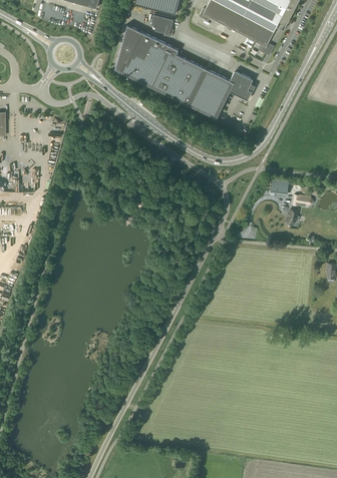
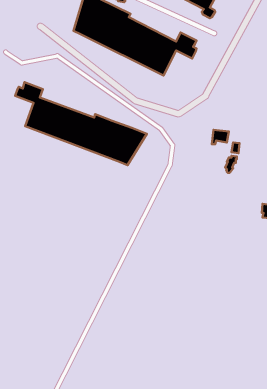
building: none -> [15,82,147,165]

